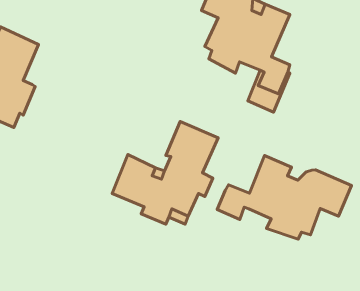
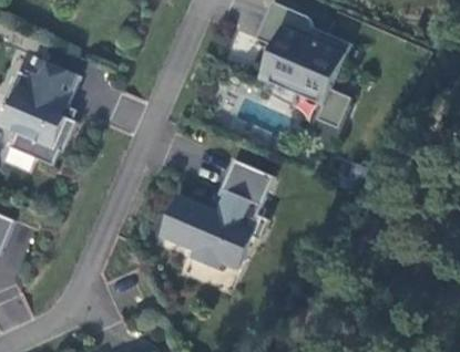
building: [217,155,352,239] -> none

